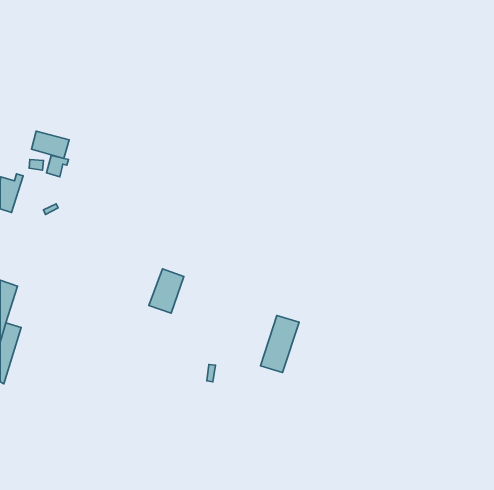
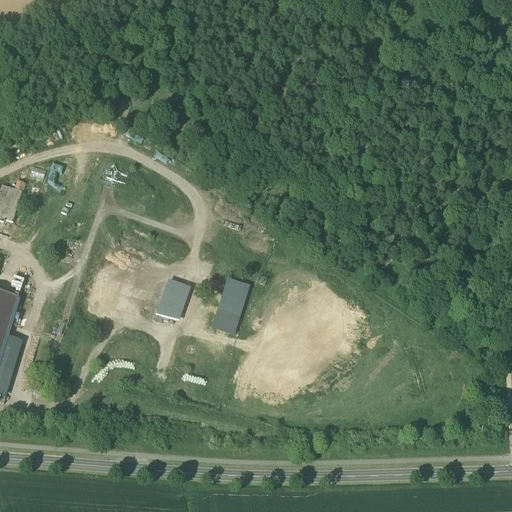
building: [32,131,69,158] -> none
building: [260,316,299,373] -> [210,277,250,336]

